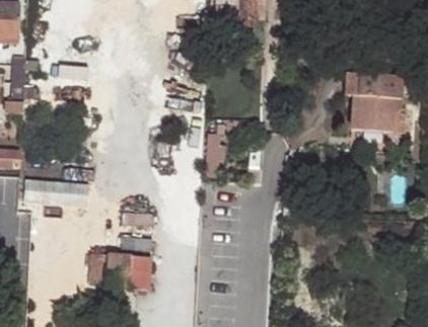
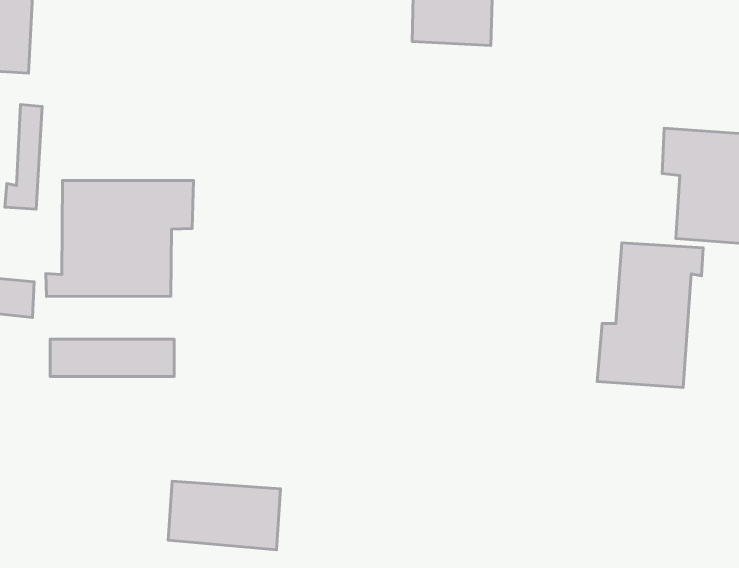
building: none -> [46,181,194,297]
building: none -> [597,243,703,387]

